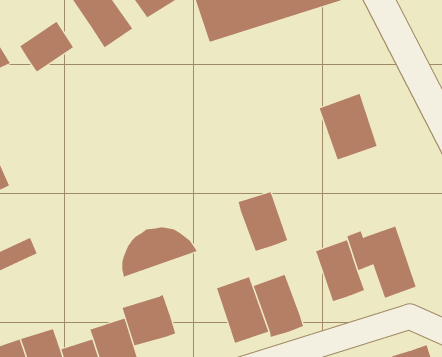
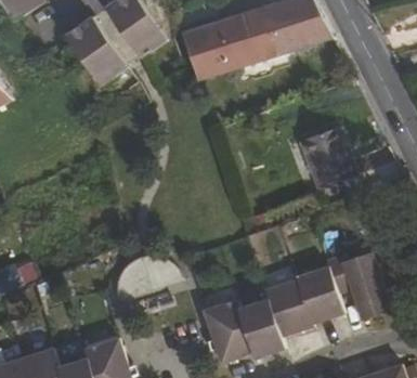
building: [19,21,74,72] -> none
building: [238,192,289,252] -> [266,278,314,335]
building: [122,294,176,346] -> none

